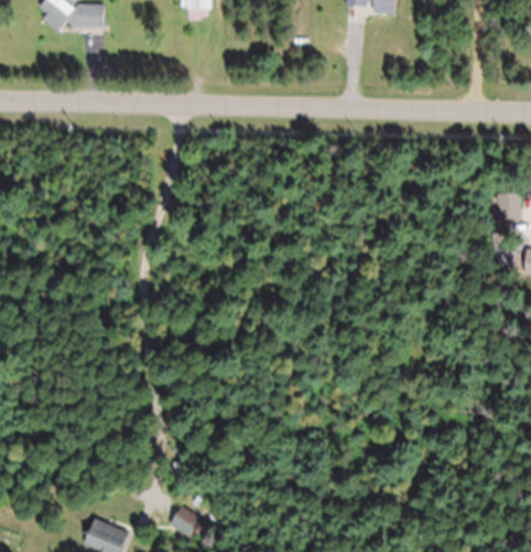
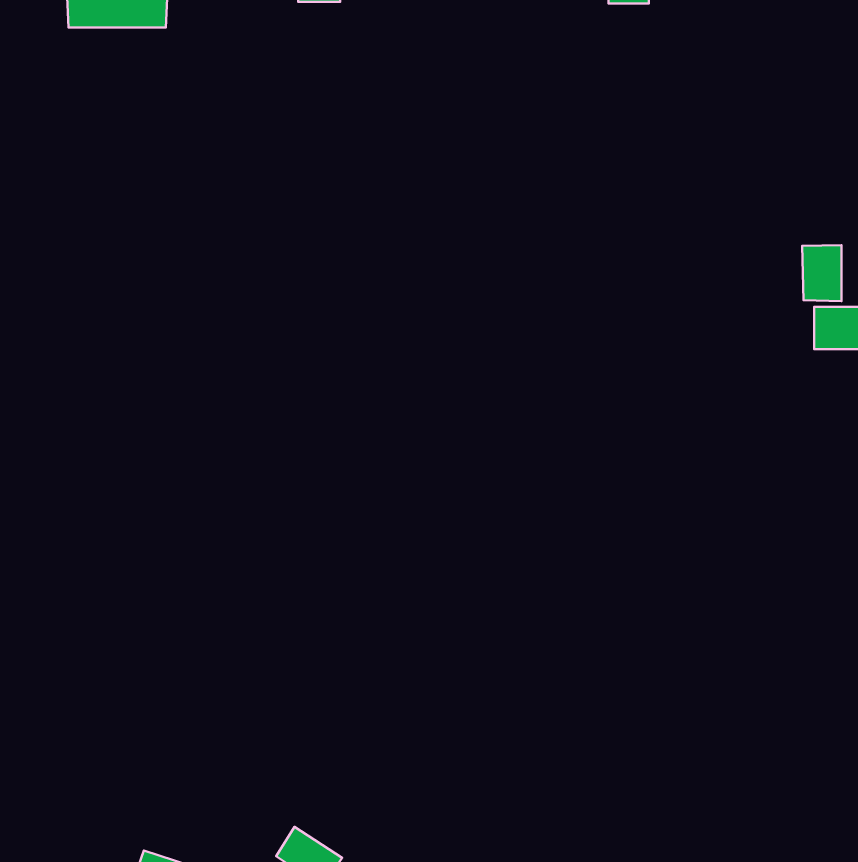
building: none -> [802,245,841,301]

